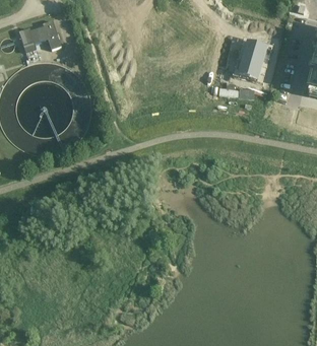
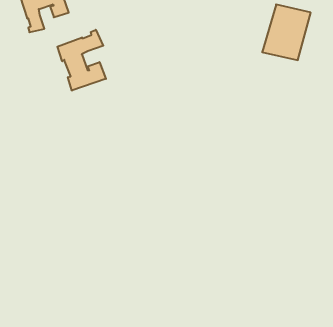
building: none -> [57,30,106,91]

